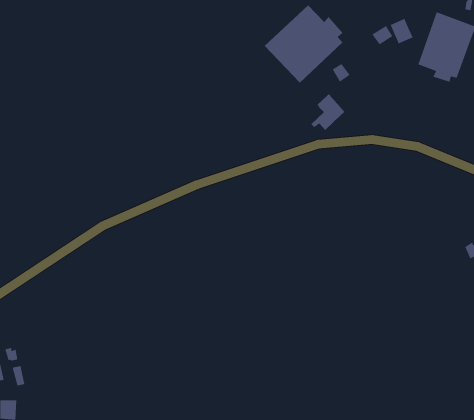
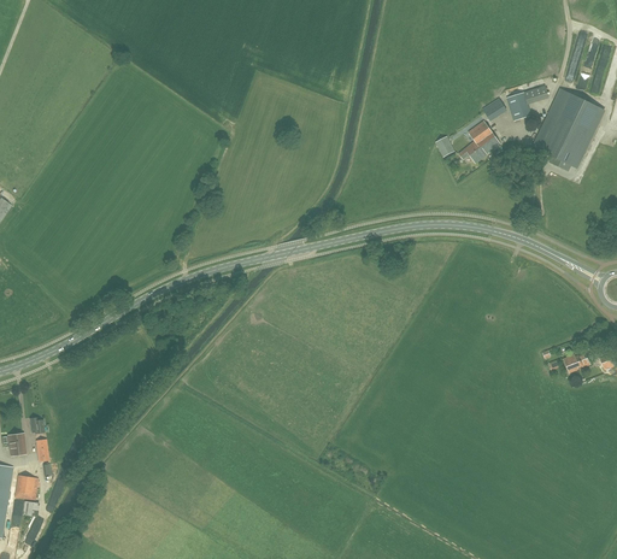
building: [264,4,343,83] -> none
building: [311,93,345,131] -> [458,120,499,163]

